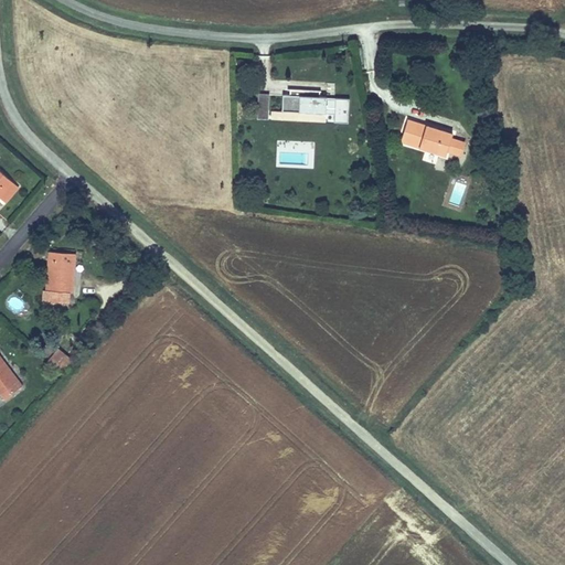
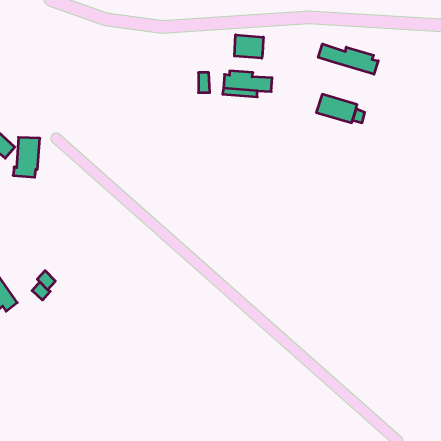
building: none -> [234,35,263,58]
building: none -> [318,44,378,74]
building: [41,252,75,302] -> [13,137,40,177]

